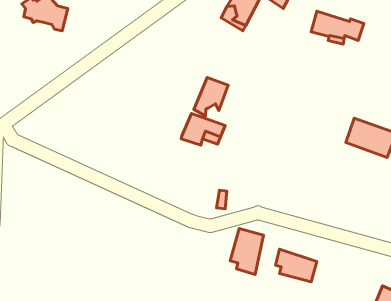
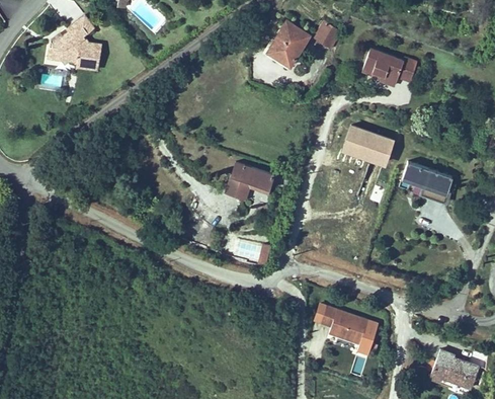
building: [194,78,228,116] -> none
building: none -> [344,131,392,167]
building: [230,228,263,274] -> none

